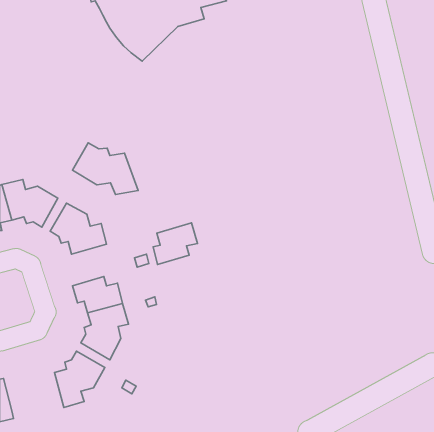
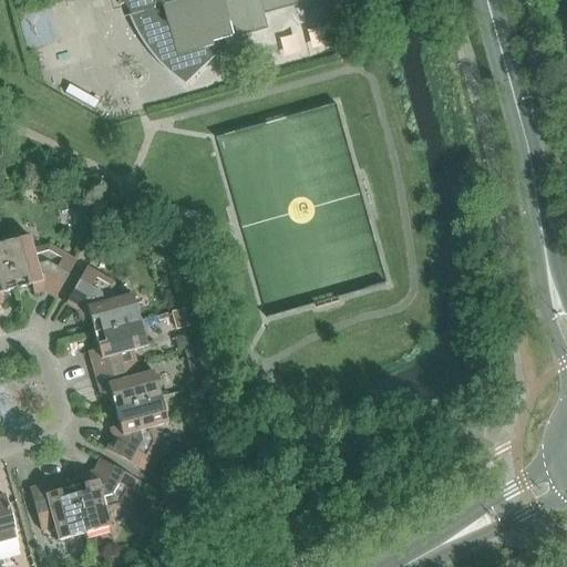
building: [73,143,138,195] -> none
building: [153,223,198,265] -> [89,318,146,372]
building: none -> [29,480,83,538]

